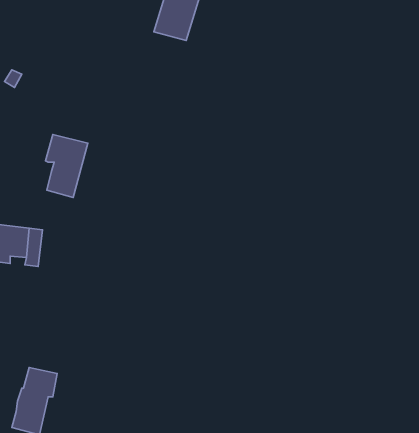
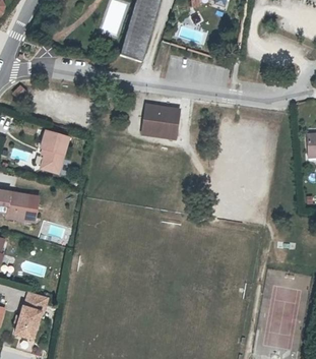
building: none -> [140,106,180,141]

